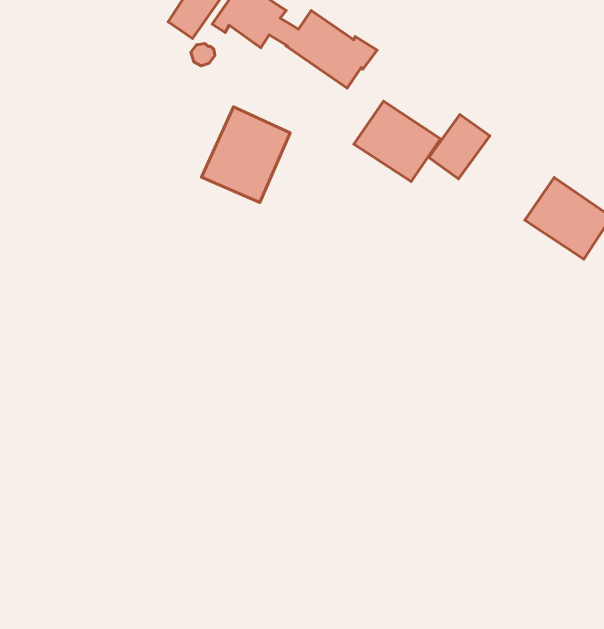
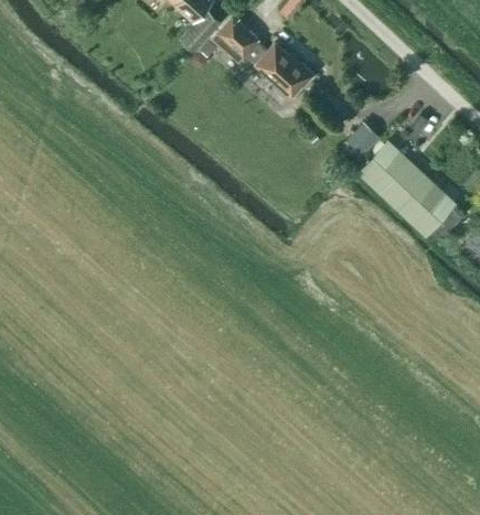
building: [354,101,441,182] -> [363,143,420,199]
building: [202,107,290,202] -> none

